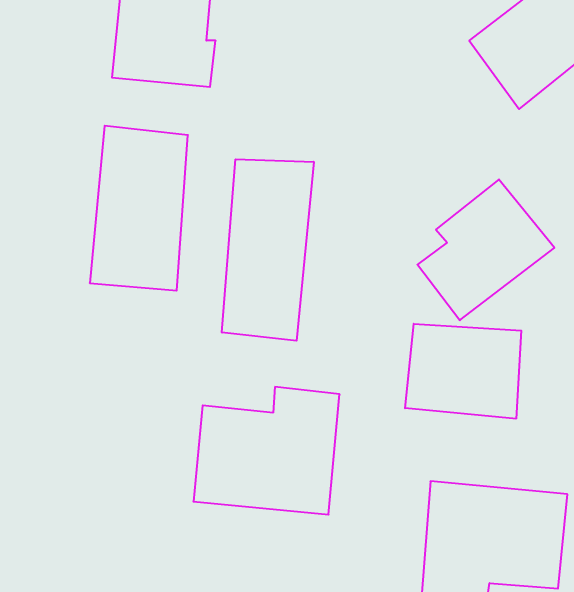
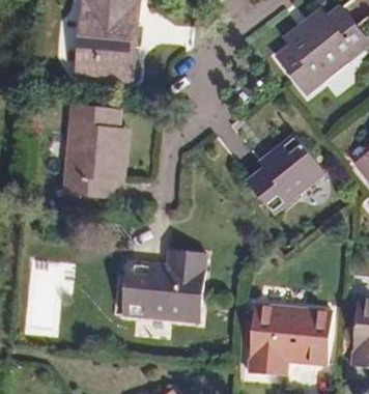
building: [222,159,314,341] -> none
building: [405,324,521,419] -> none

